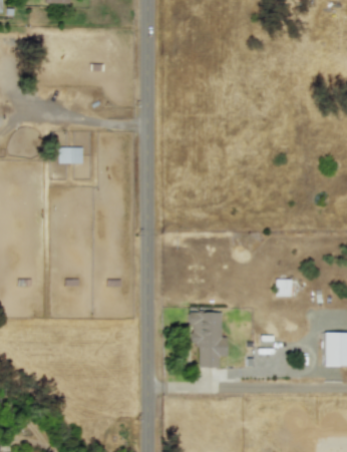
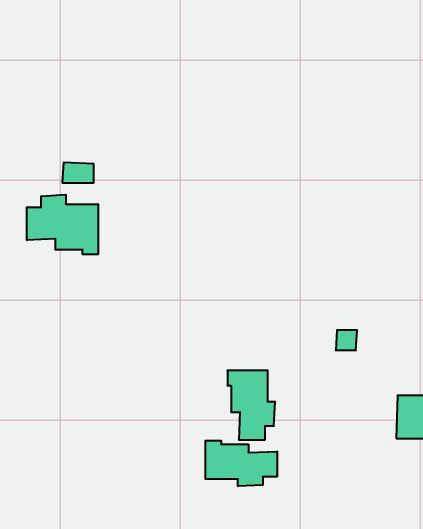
building: none -> [27,195,98,254]
building: none -> [205,441,277,486]

